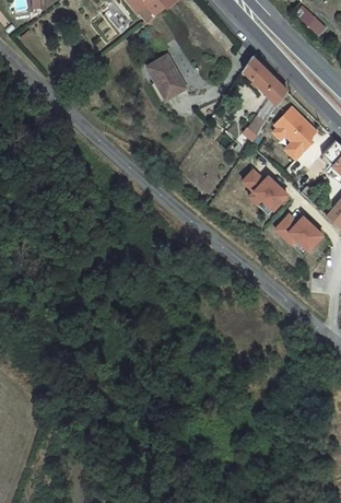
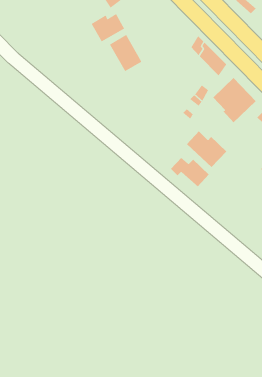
building: none -> [91,13,125,42]
building: [277,214,324,250] -> [170,157,210,187]

